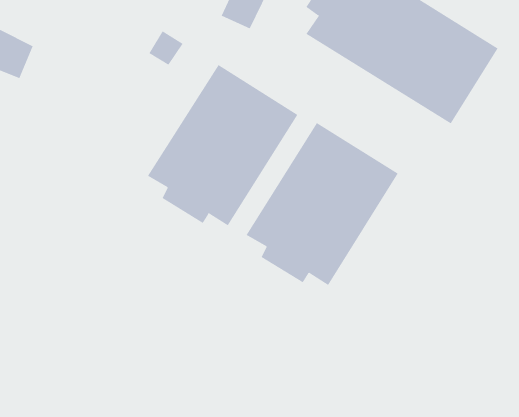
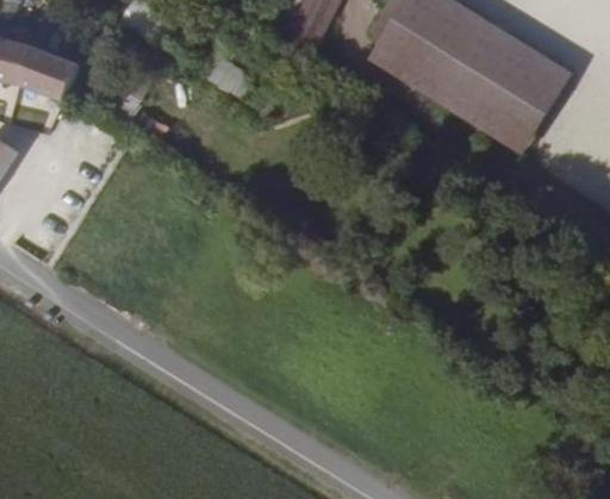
building: [147,64,298,226] -> none
building: [246,122,398,286] -> none

